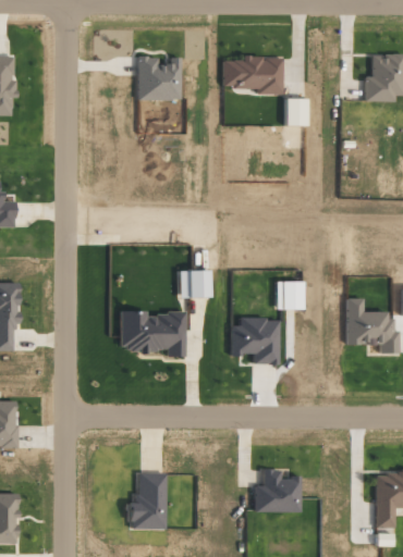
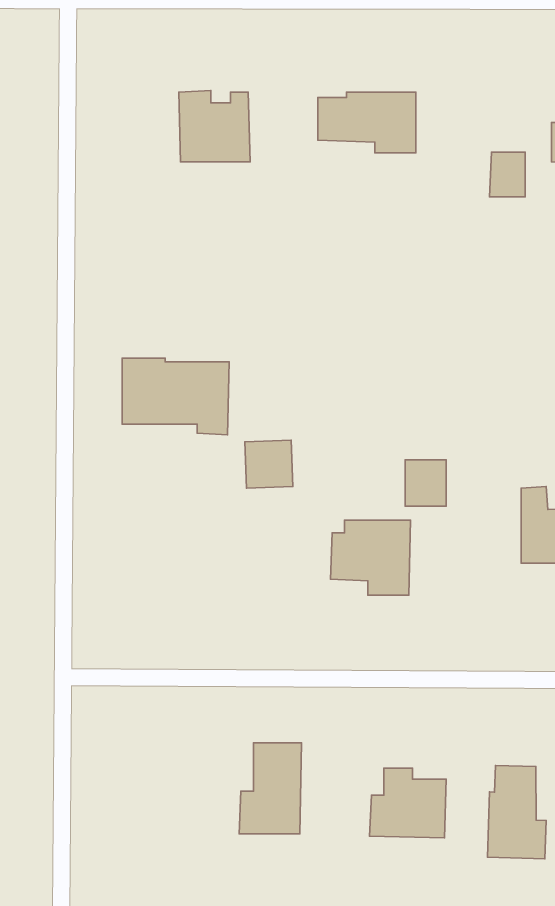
building: [283,98,305,125] -> [490,152,525,197]
building: [120,310,185,357] -> [122,358,229,435]
building: none -> [488,765,546,859]
building: [127,472,166,528] -> [239,743,302,834]

